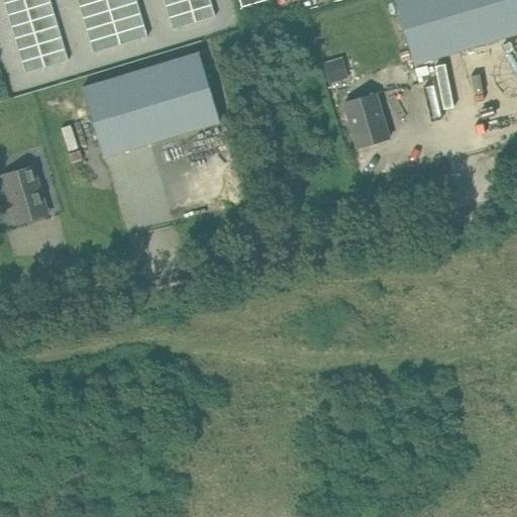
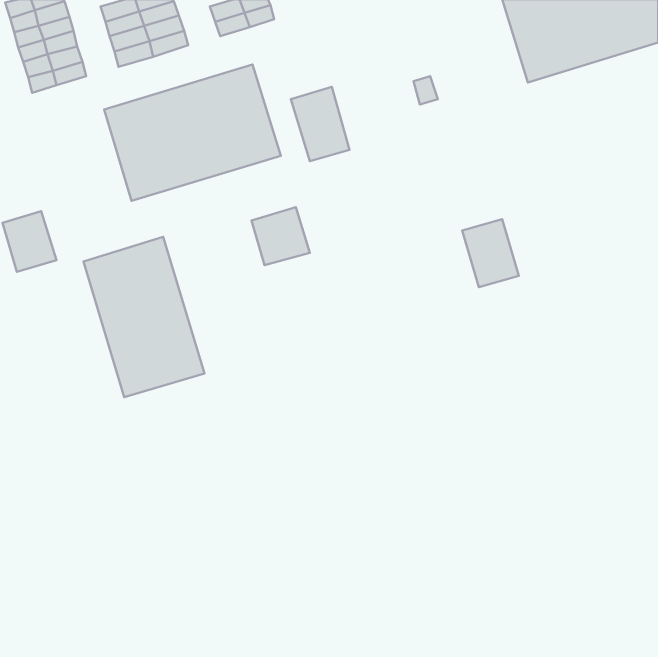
building: none -> [291,87,349,161]
building: [344,93,389,146] -> [462,219,519,287]
building: none -> [252,207,310,265]
building: none -> [84,237,204,397]

